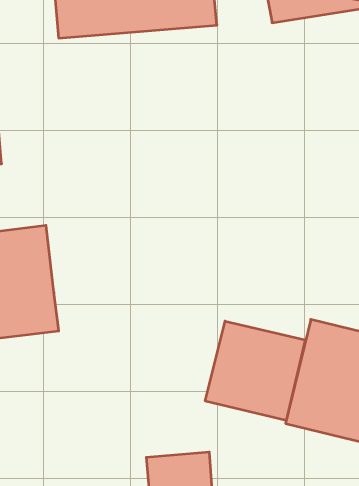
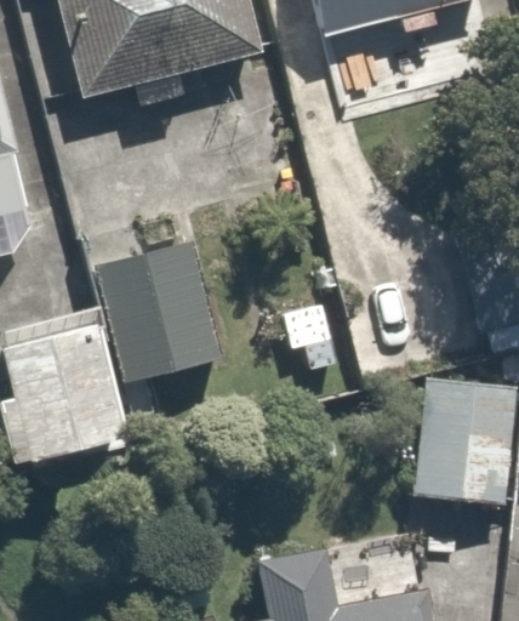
building: none -> [84,226,218,388]
building: [205,321,305,421] -> none

